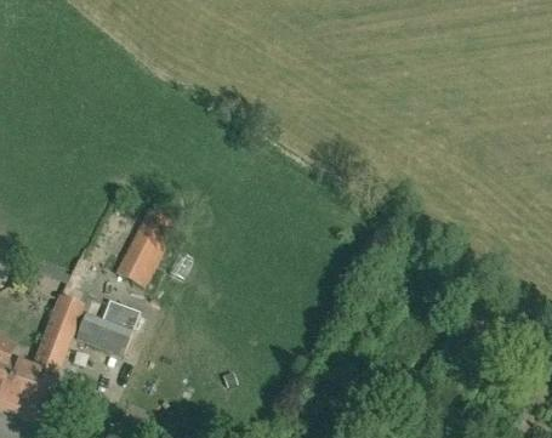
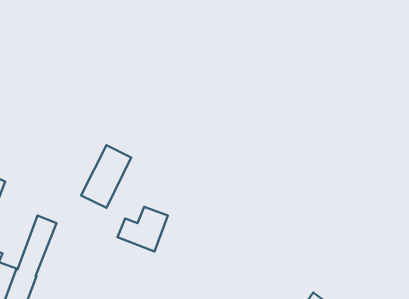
building: [74,298,138,355] -> [117,207,168,252]

